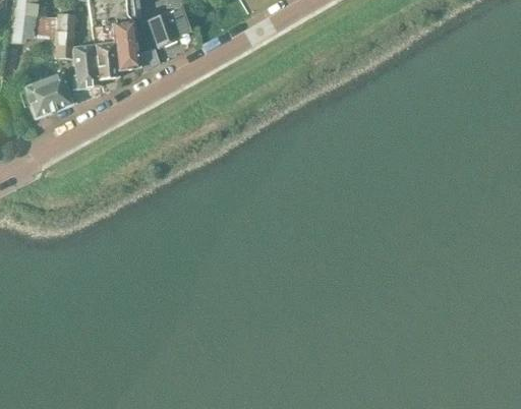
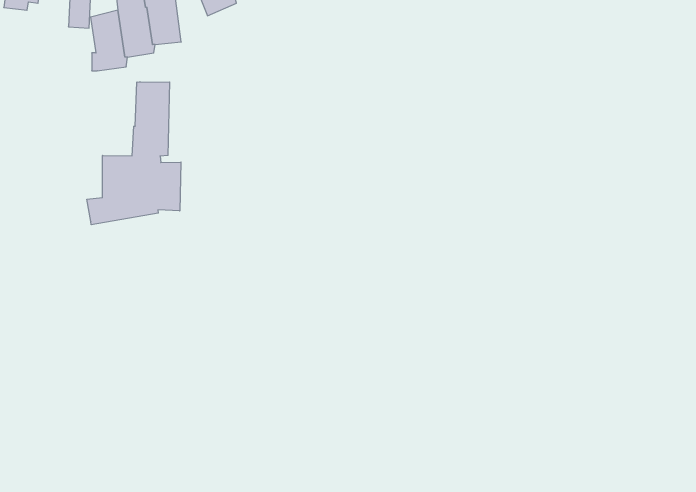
building: [23,72,73,117] -> none
building: none -> [87,82,181,225]

